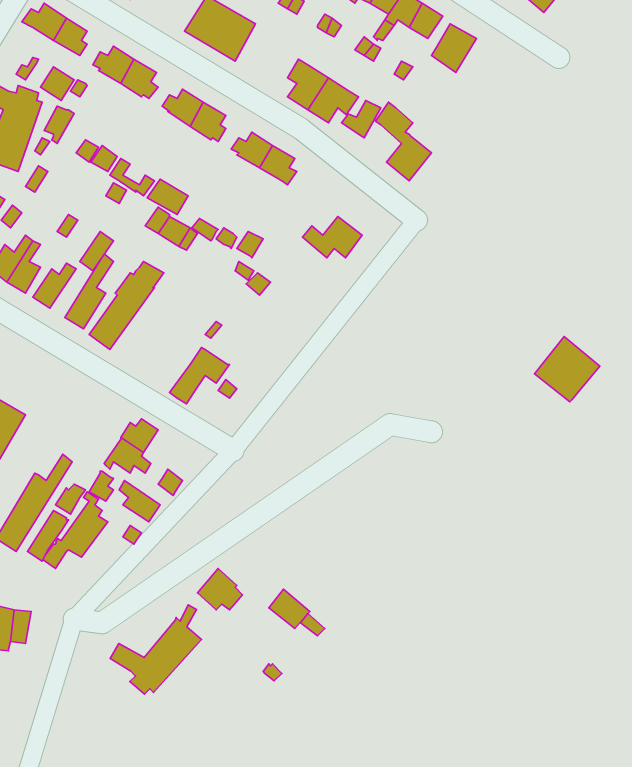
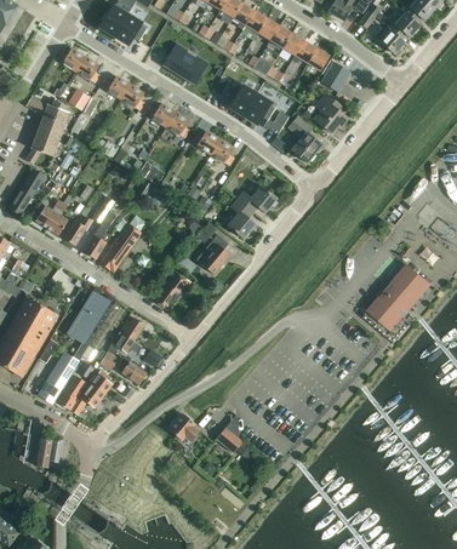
building: none -> [316,93,345,133]
building: none -> [228,199,256,238]
building: none -> [195,234,229,273]
building: none -> [364,287,411,334]
building: none -> [70,293,113,344]
building: [110,605,201,694] -> none

